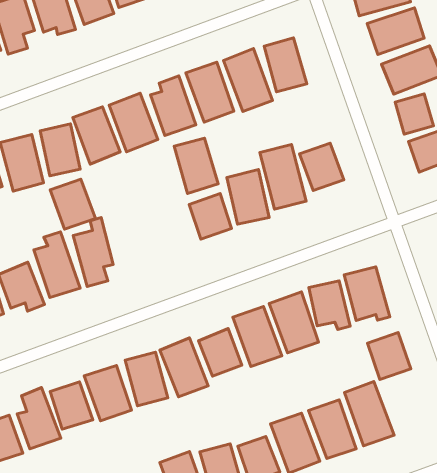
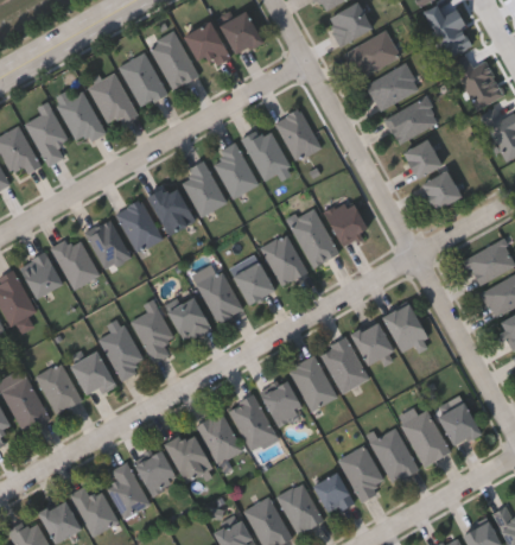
building: [174,138,218,193] -> [198,271,243,323]
building: [50,179,96,229] -> [167,296,212,343]
building: [367,332,411,380] -> [438,401,481,446]

